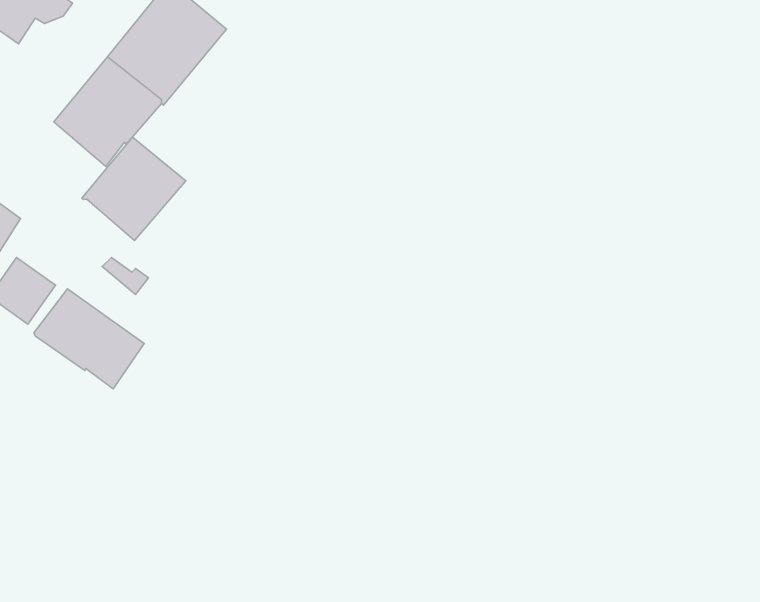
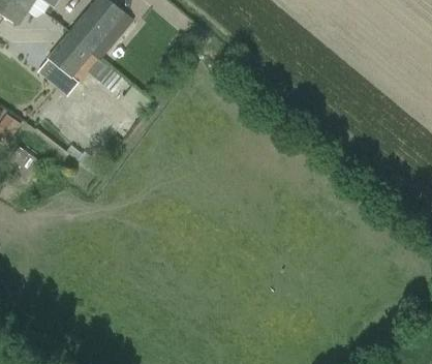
building: [82,137,186,240] -> none
building: [34,289,144,389] -> none

